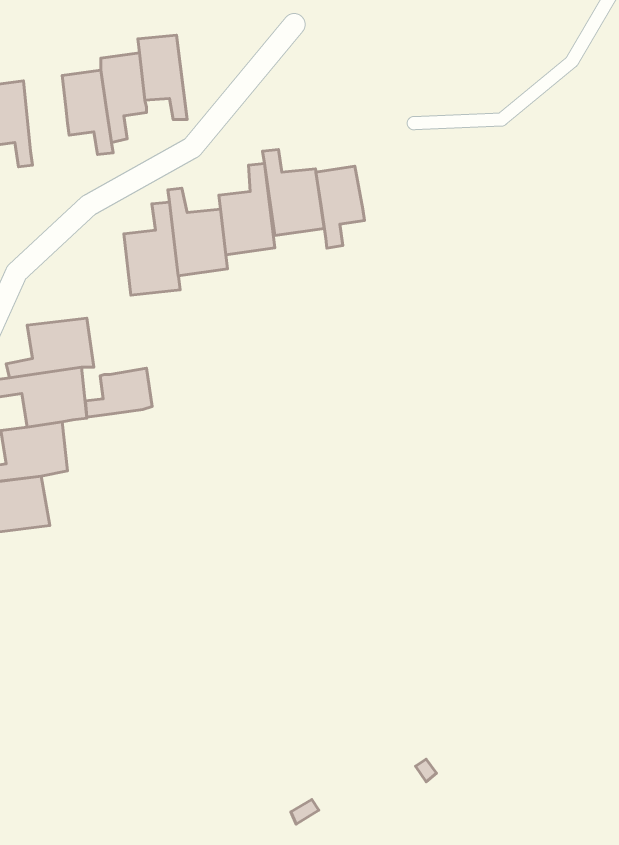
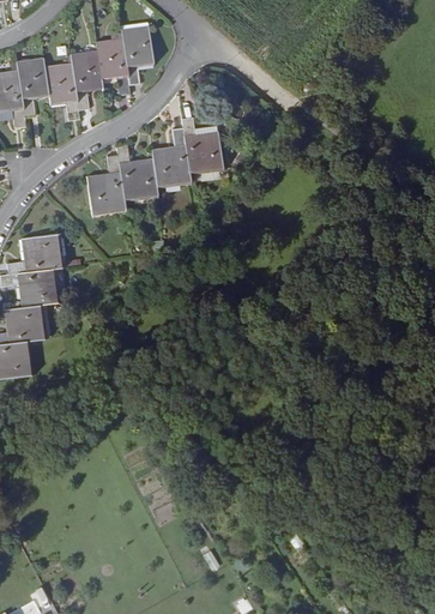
building: none -> [121,25,153,85]
building: none -> [17,58,48,118]
building: [316,166,365,248] -> none
building: [85,368,152,417] -> none

